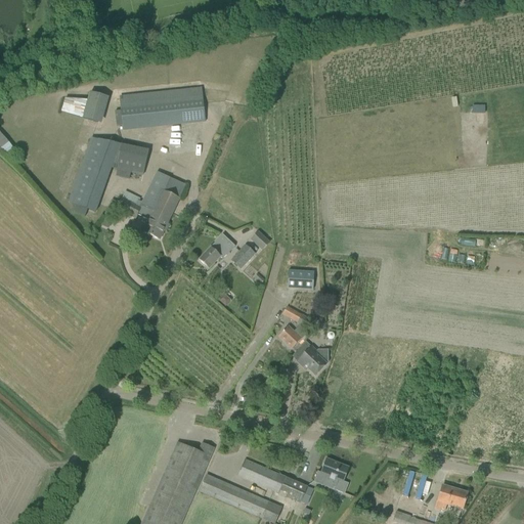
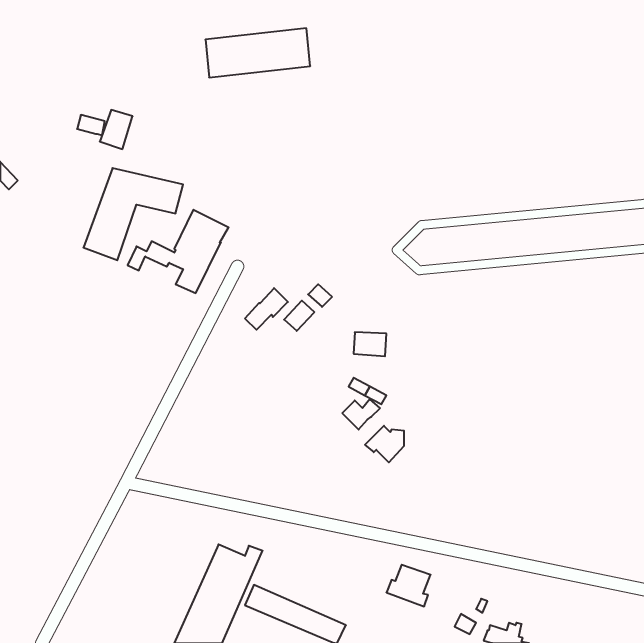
building: [120,89,205,129] -> [205,28,310,77]
building: [238,458,307,501] -> none
building: [436,484,468,509] -> none

